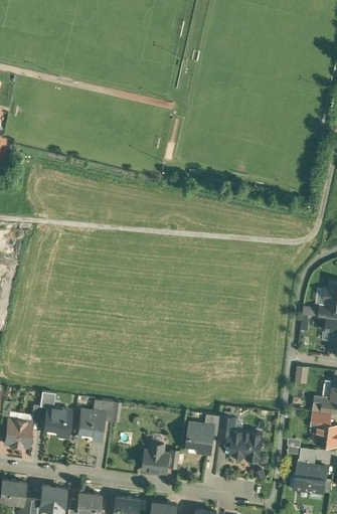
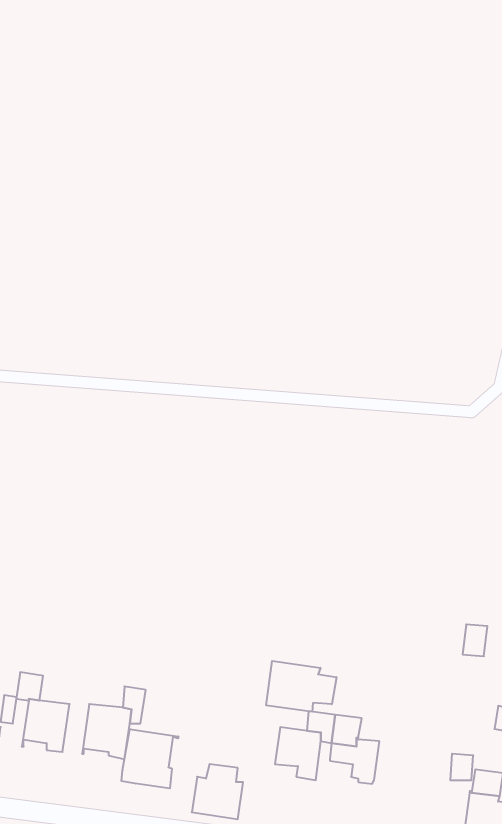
building: none -> [266,661,336,712]
building: none -> [121,729,178,788]
building: [243,431,262,459] -> none

